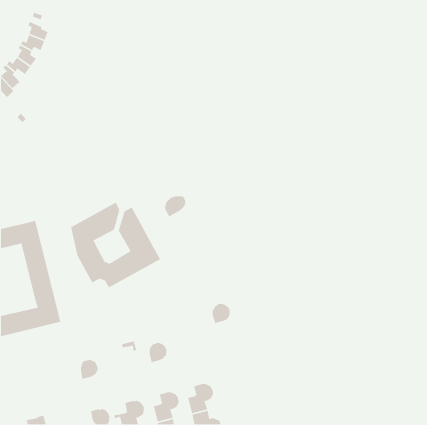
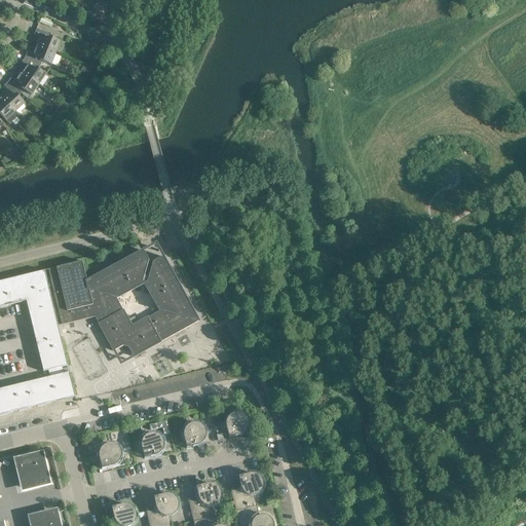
building: [164,195,187,217] -> none
building: none -> [48,259,95,323]
building: [212,303,230,324] -> [225,410,248,436]
building: none -> [141,430,163,456]
building: none -> [17,452,47,485]

